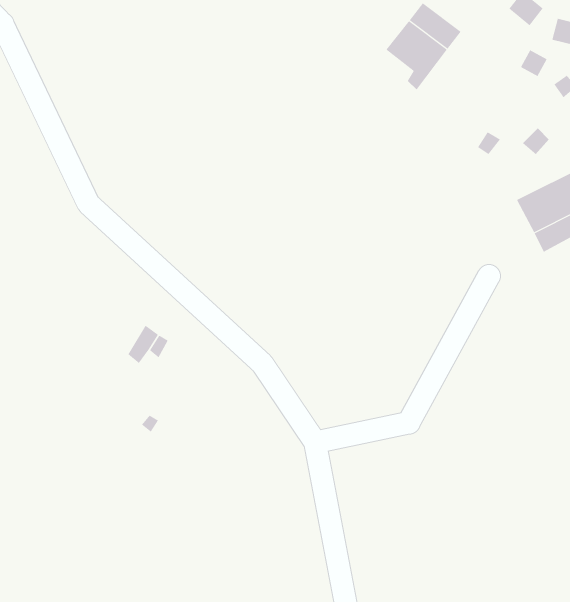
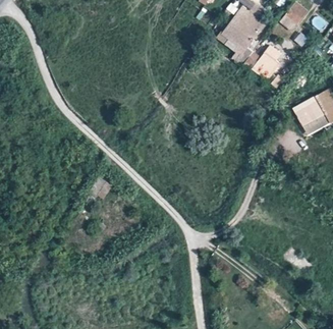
building: none -> [256,44,281,74]

